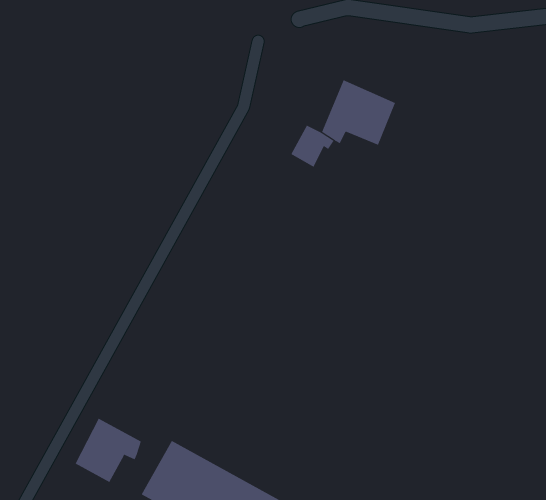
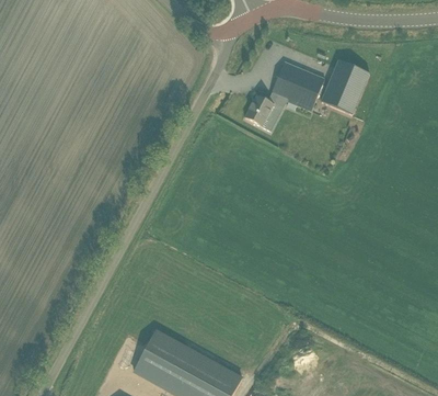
building: none -> [320,59,368,113]
building: [75,418,142,483] -> none

